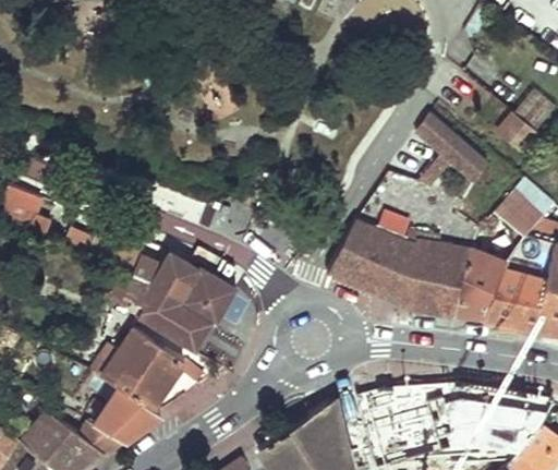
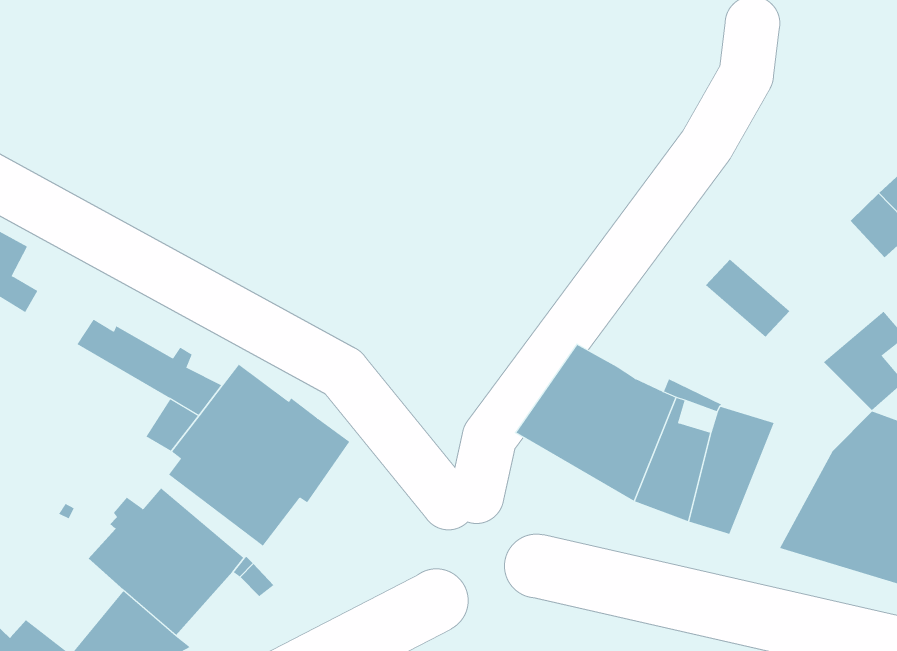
building: [416,111,490,183] -> none
building: [456,250,507,320] -> none

